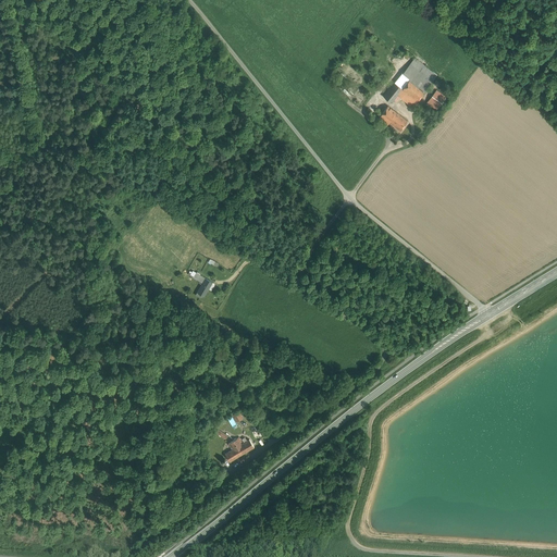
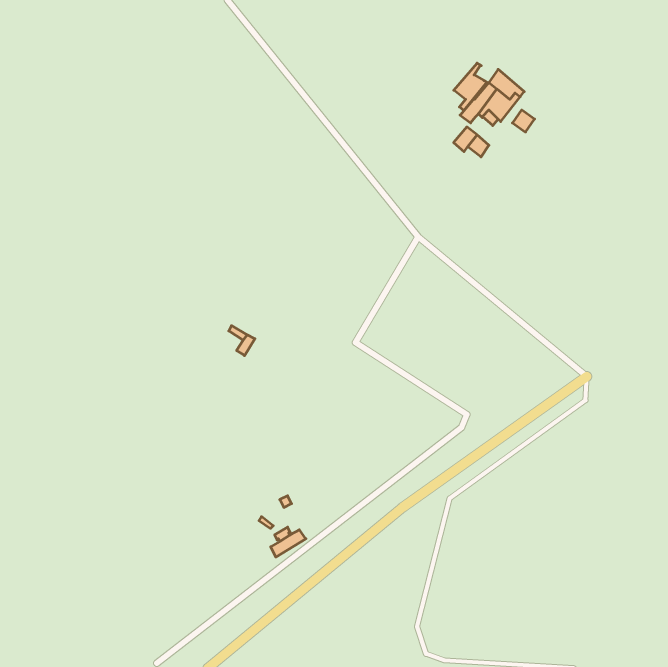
building: none -> [454,63,487,111]

